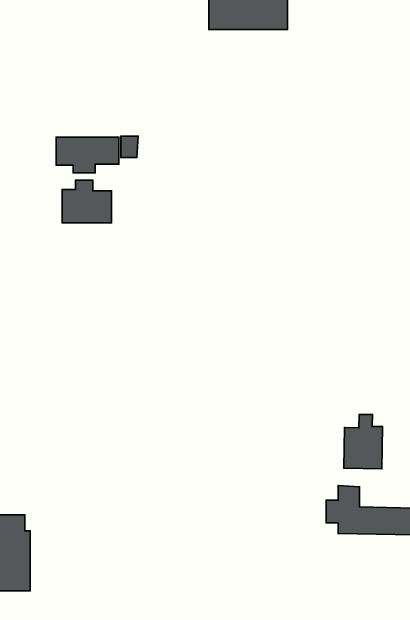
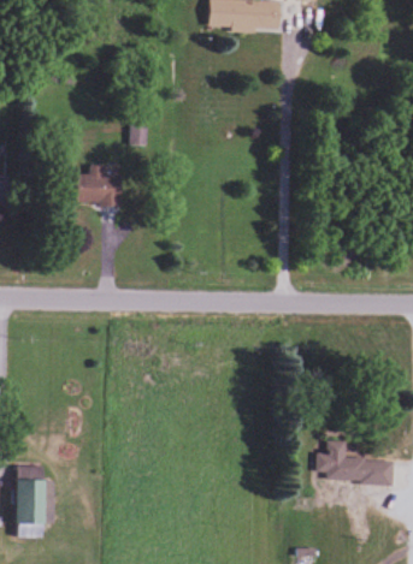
building: [56,137,119,173] -> none
building: [344,414,383,469] -> none

